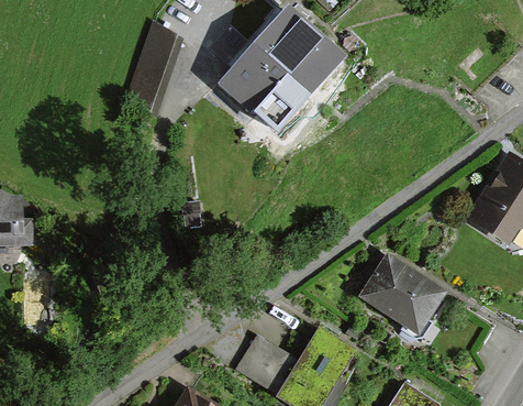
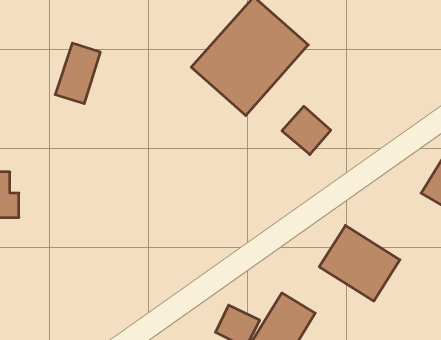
building: [132,23,181,89] -> [55,43,100,104]
building: none -> [282,106,331,155]

